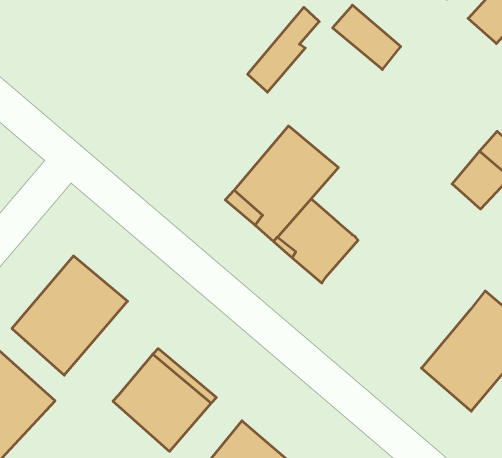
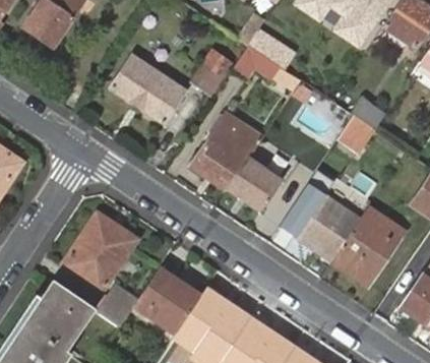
building: none -> [113,57,186,122]
building: none -> [233,46,282,80]
building: none -> [270,186,317,239]
building: none -> [297,195,360,260]
building: none -> [99,287,137,326]

